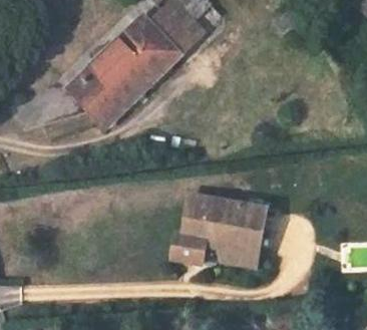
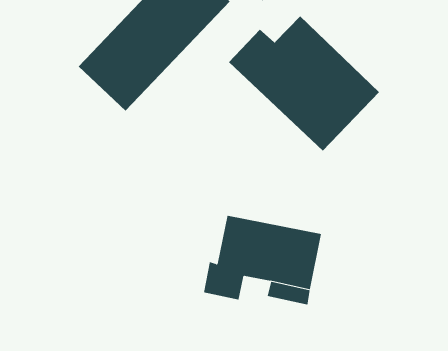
building: none -> [228,15,380,152]

